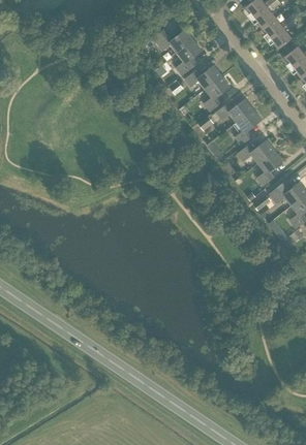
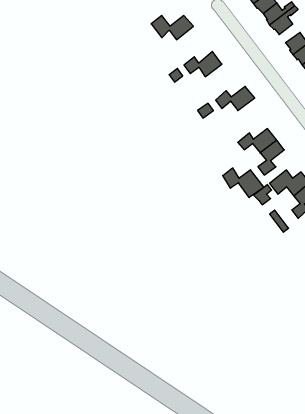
building: [176,39,203,74] -> none
building: [204,76,231,110] -> none
building: [234,109,262,144] -> none
building: none -> [223,168,264,198]

